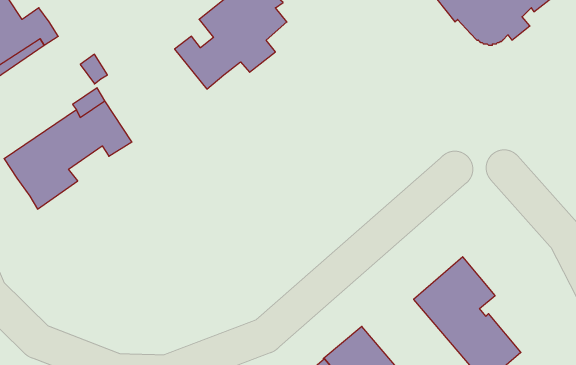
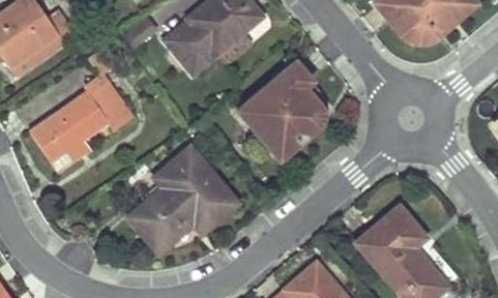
building: none -> [239,62,320,156]
building: none -> [130,149,233,247]

